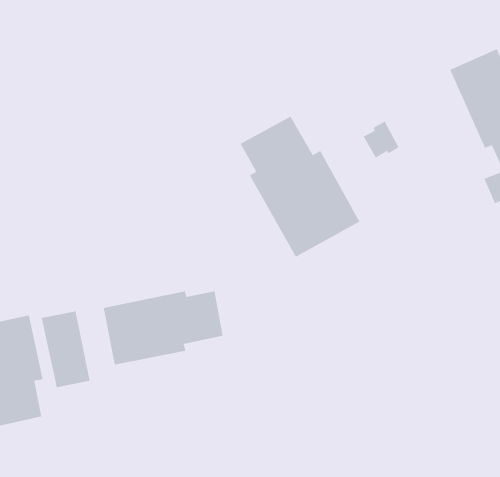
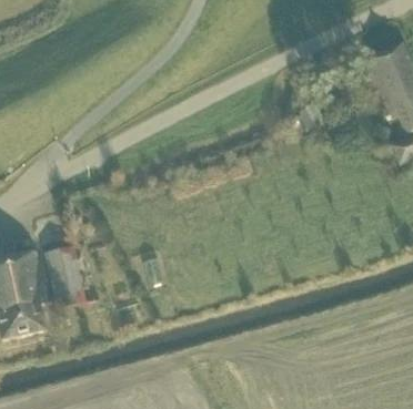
building: [240,116,360,258] -> none
building: [103,290,224,365] -> none

